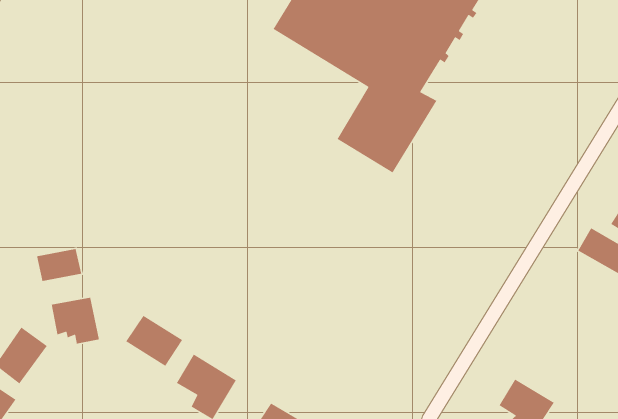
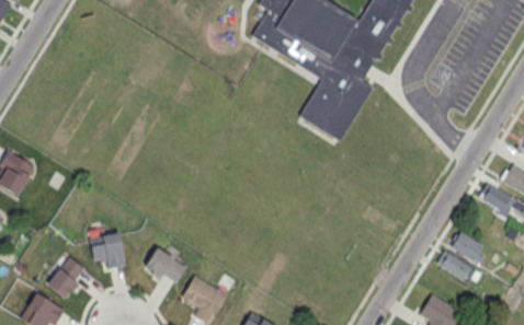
building: [36,248,82,282] -> none
building: none -> [449,229,486,264]
building: none -> [437,248,472,279]

